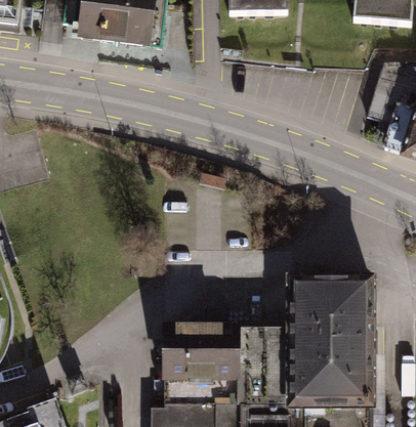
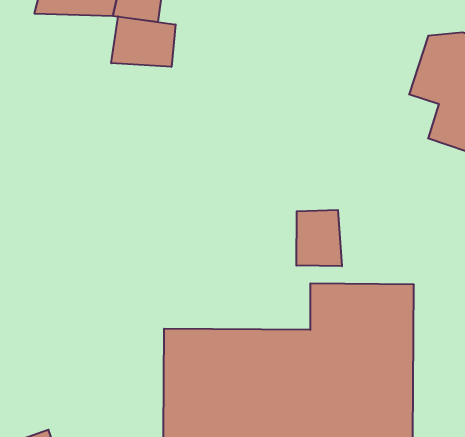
building: none -> [111,16,176,67]
building: none -> [296,210,342,266]

